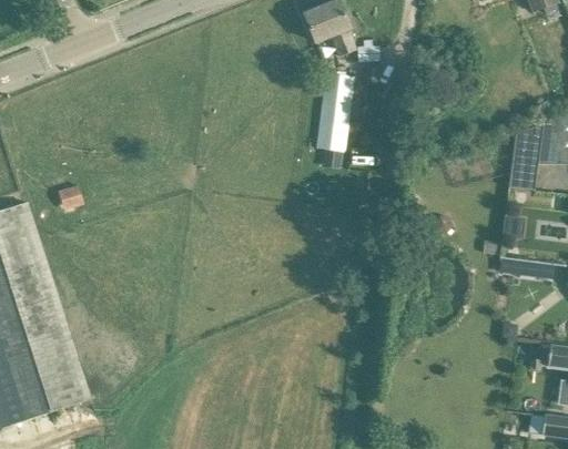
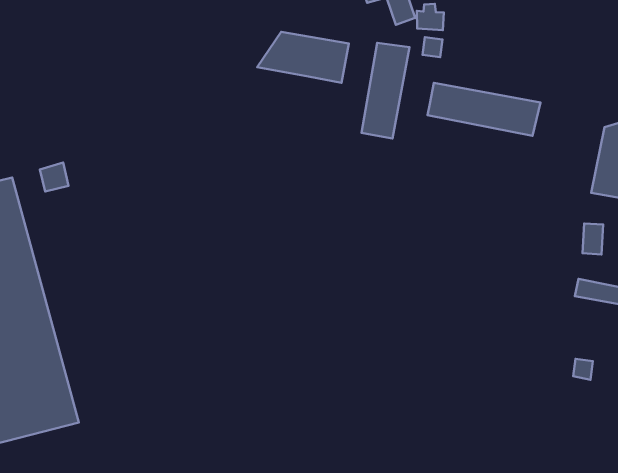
building: none -> [257,32,349,83]
building: none -> [428,83,541,136]

